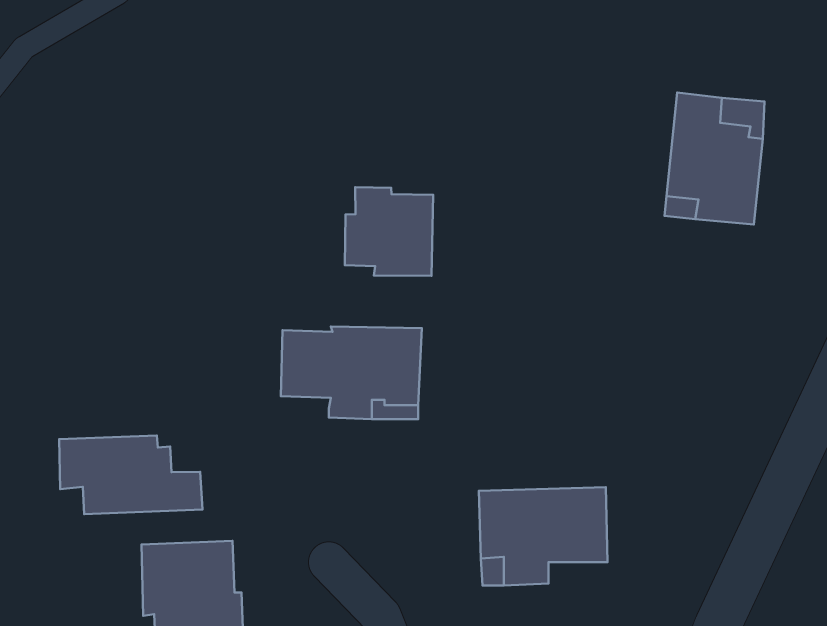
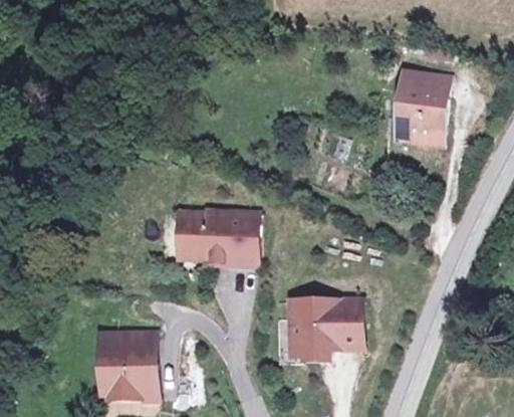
building: [345,187,433,276] -> none
building: [59,435,202,514] -> none

